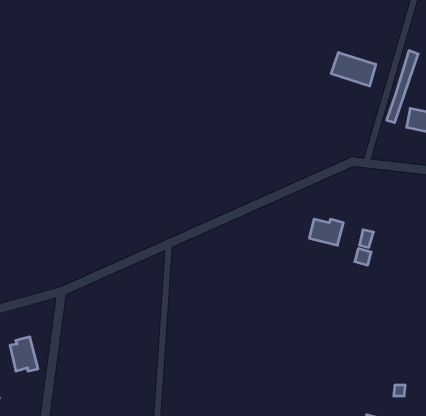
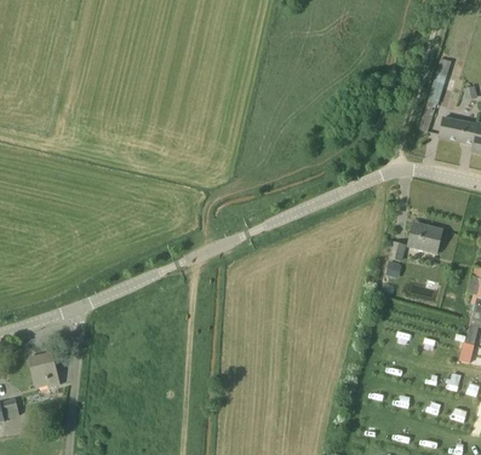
building: [331,52,376,86] -> none
building: [309,219,343,245] -> [407,225,442,252]

